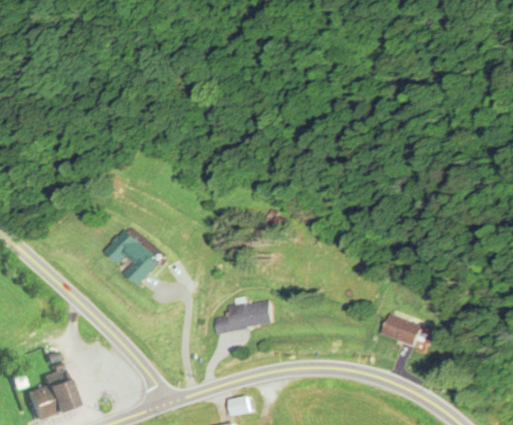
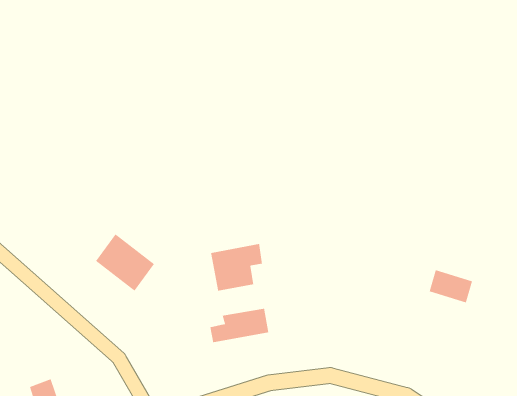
building: none -> [211,243,262,291]
building: [382,314,424,346] -> [429,270,473,303]

